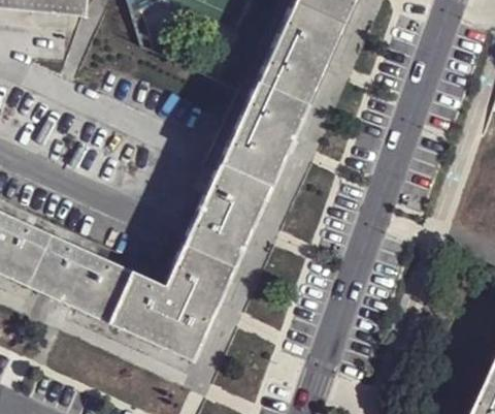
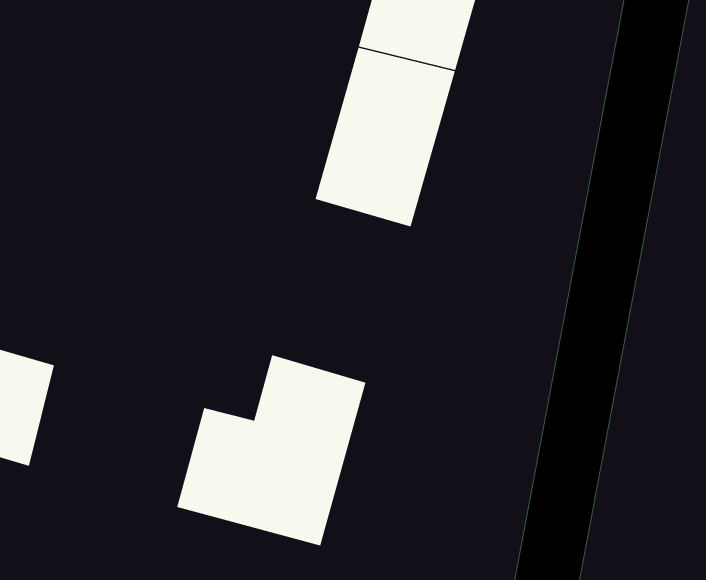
building: [179,165,268,272] -> none
building: [35,235,137,325] -> none

